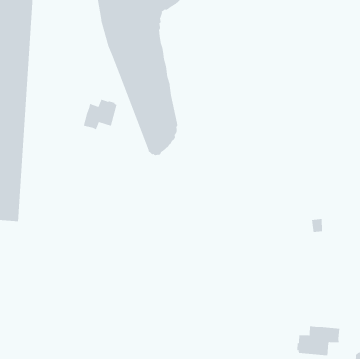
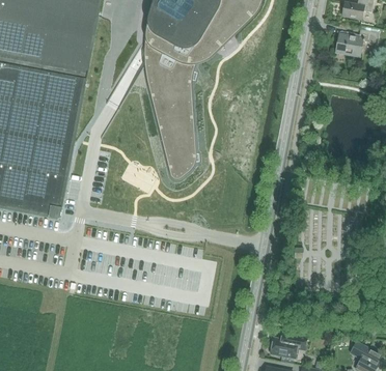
building: [83,99,117,130] -> none

